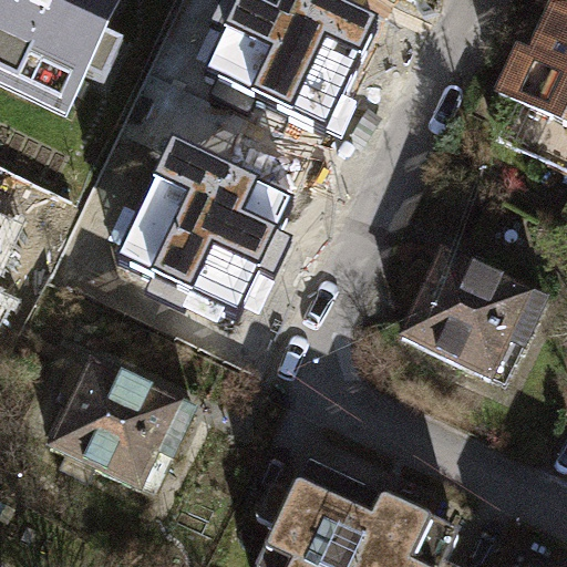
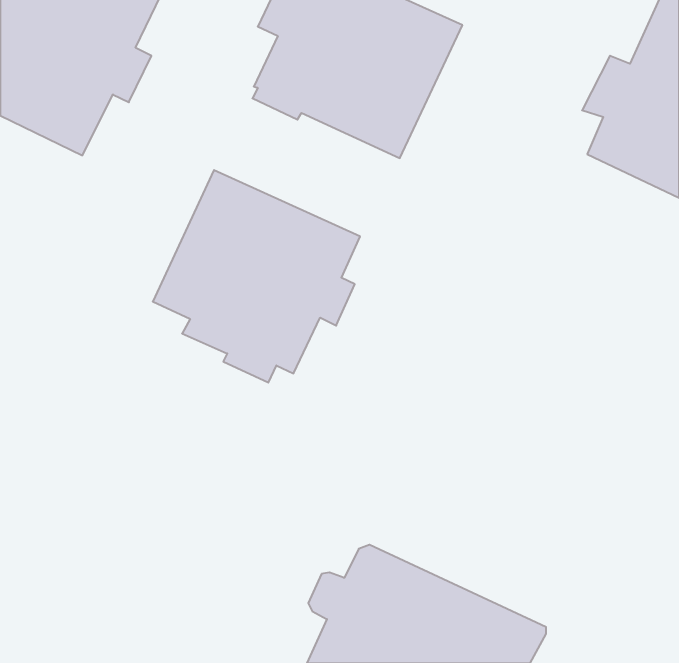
building: [398,243,547,379] -> none
building: [50,359,187,492] -> none

